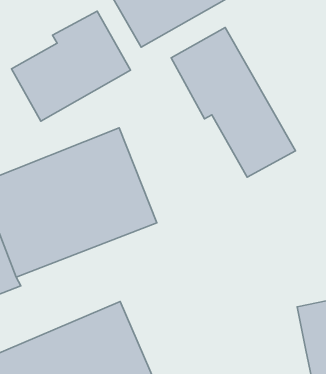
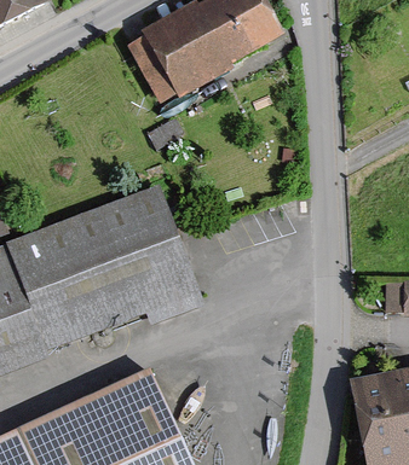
building: [12,11,130,121] -> none
building: [171,28,295,177] -> none

